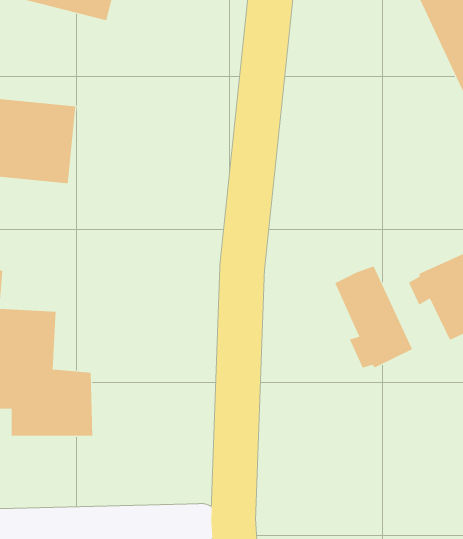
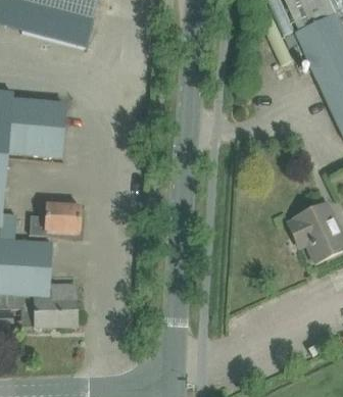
building: none -> [30,202,81,234]
building: [334,266,413,368] -> none

